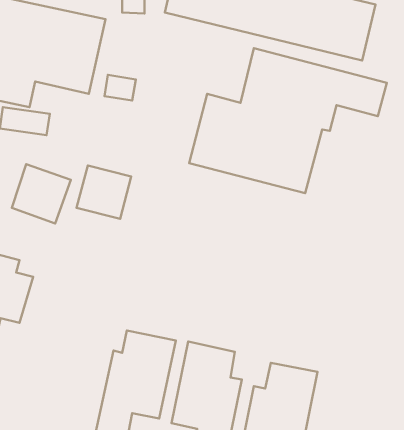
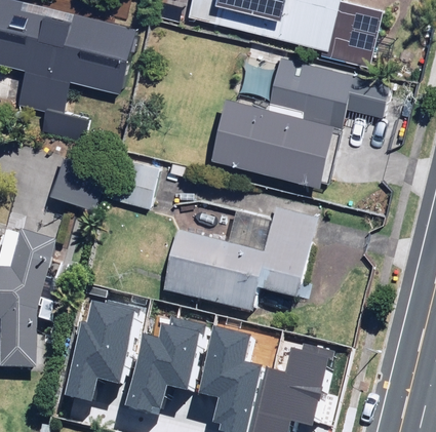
building: none -> [166,203,318,315]
building: none -> [63,298,136,399]

